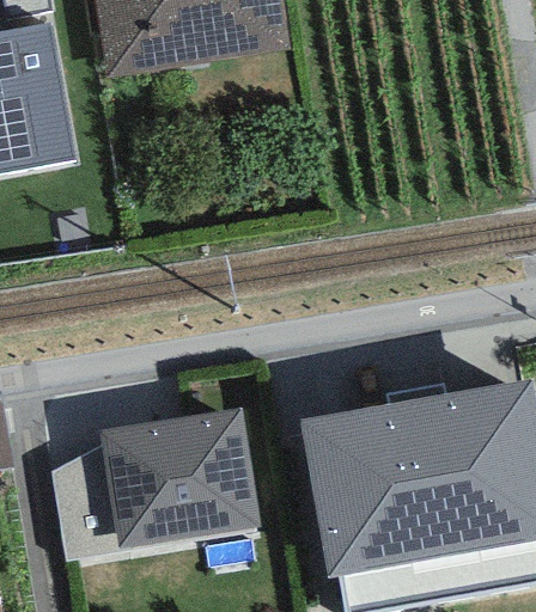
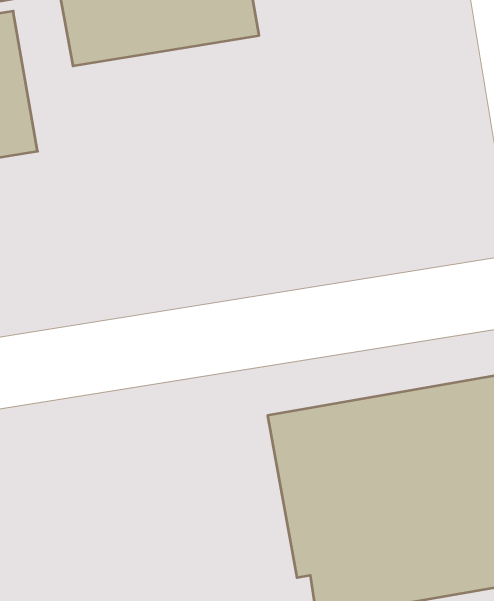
building: [50,409,261,562] -> none

